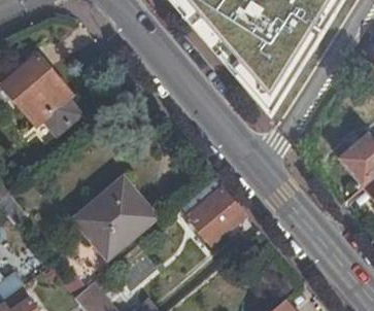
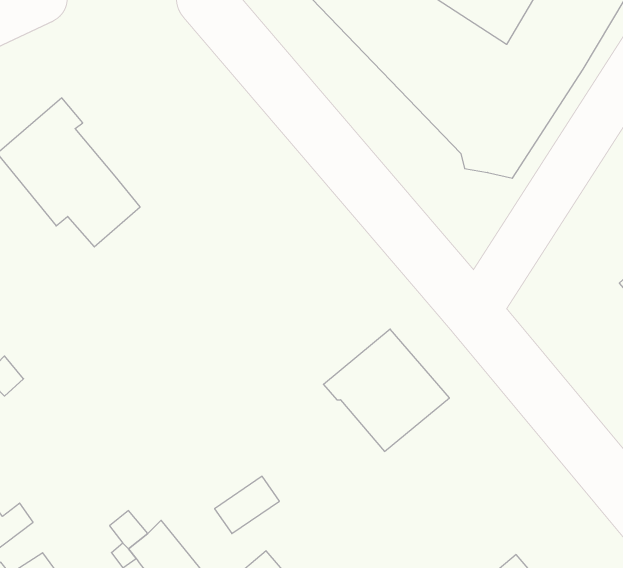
building: [77,181,149,254] -> none

